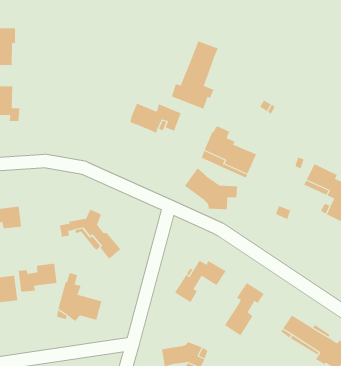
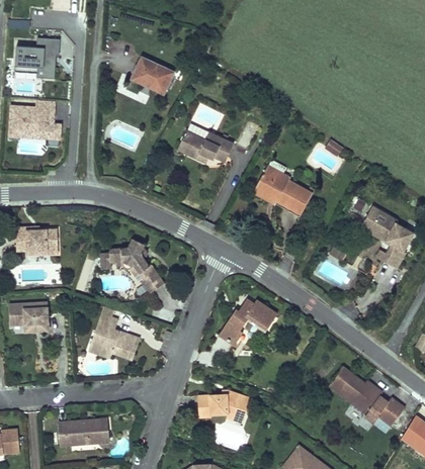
building: none -> [139,56,182,95]
building: [171,41,218,110] -> none
building: [184,168,237,210] -> none
building: [18,263,57,293] -> none
building: [224,282,265,336] -> none

